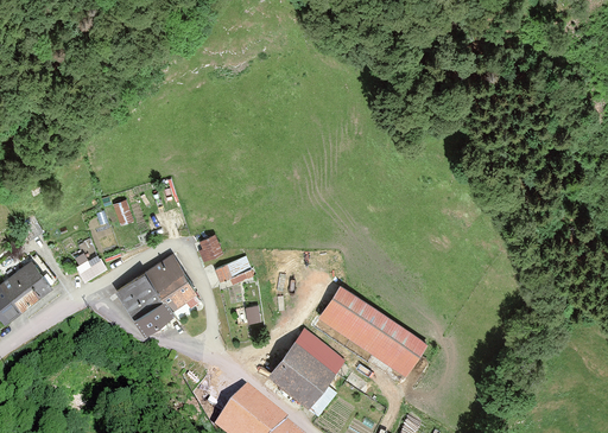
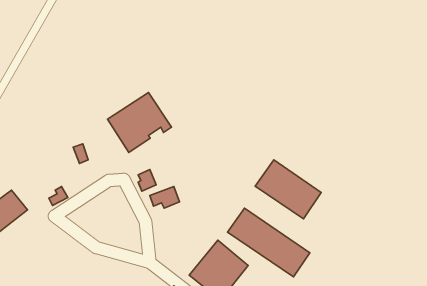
building: none -> [255,160,321,219]
building: [116,254,202,333] -> [107,92,172,152]

